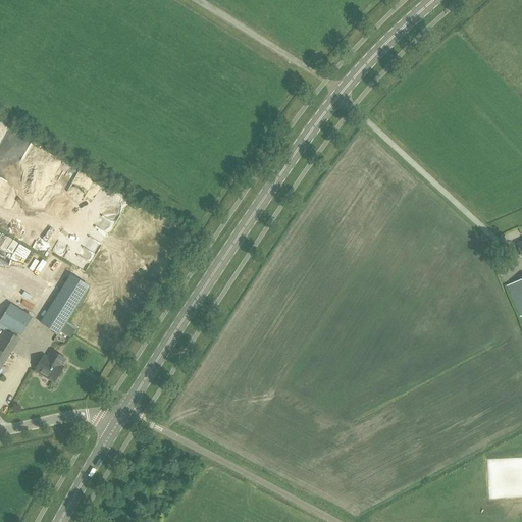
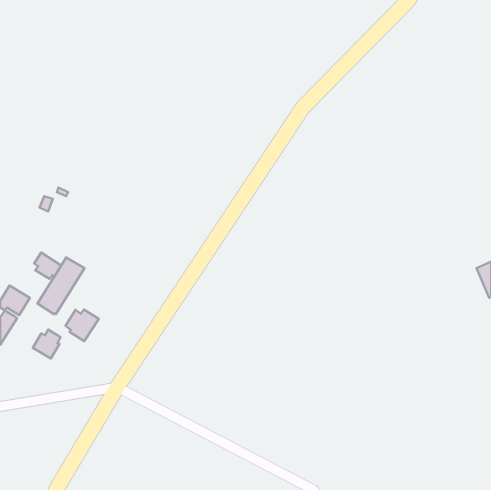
building: none -> [34,253,61,279]
building: none -> [66,309,99,341]

